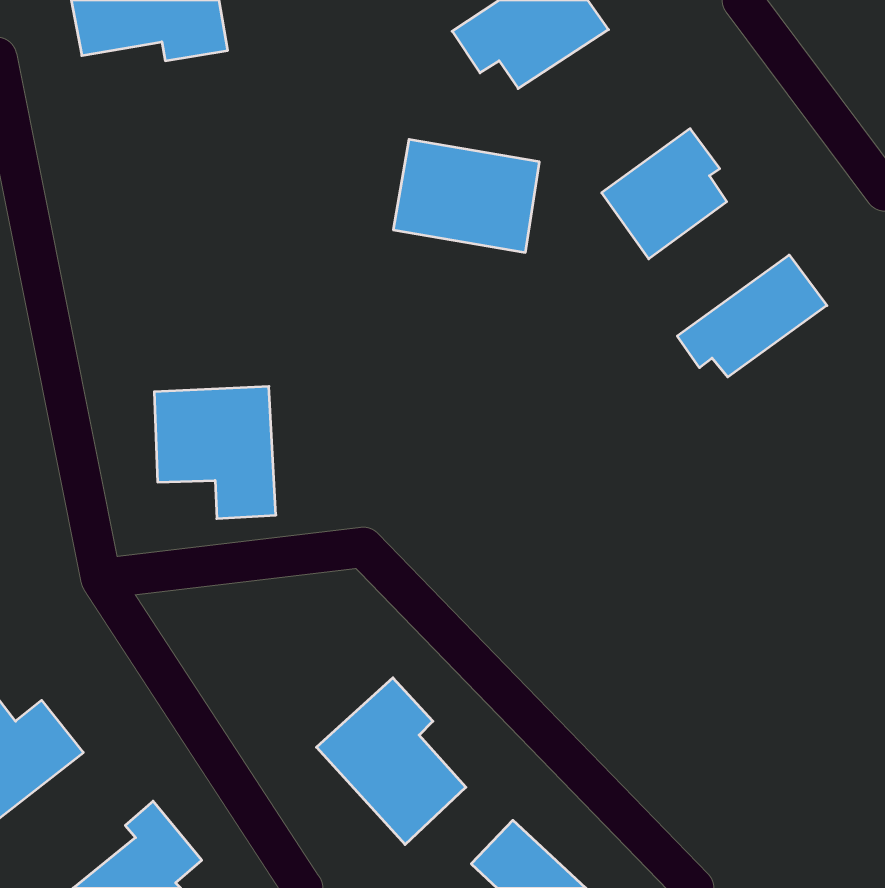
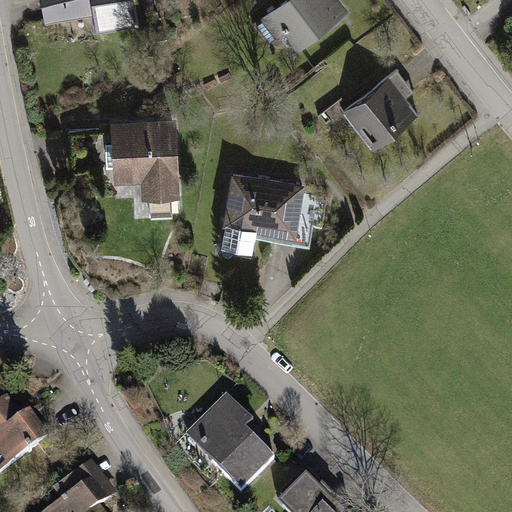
building: [393,139,539,252] -> [223,175,307,240]
building: [677,255,827,377] -> none
building: [154,386,276,519] -> [109,122,179,198]

